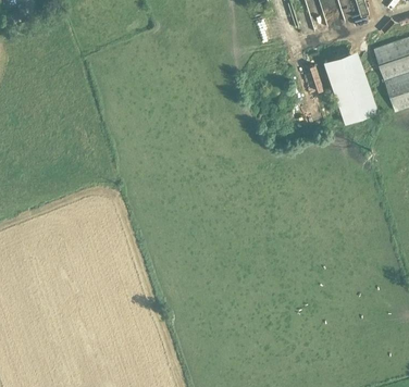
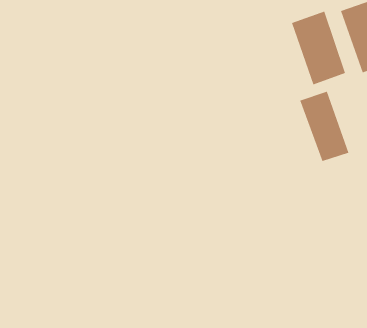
building: none -> [300,91,349,162]

